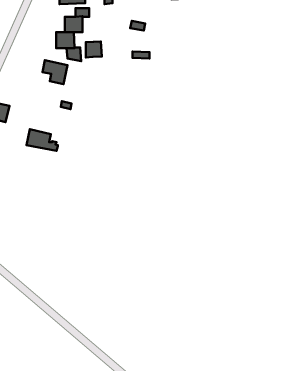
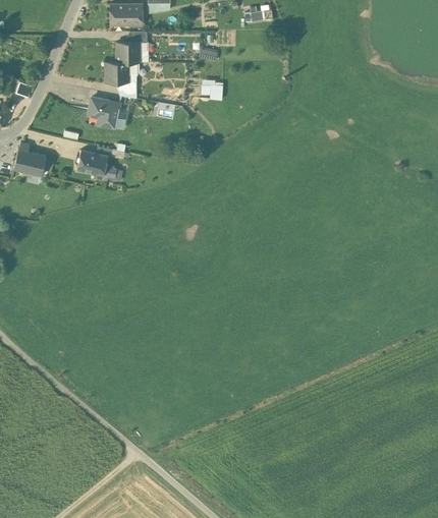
building: [86,41,102,57] -> none
building: [27,129,58,151] -> [77,150,117,177]

